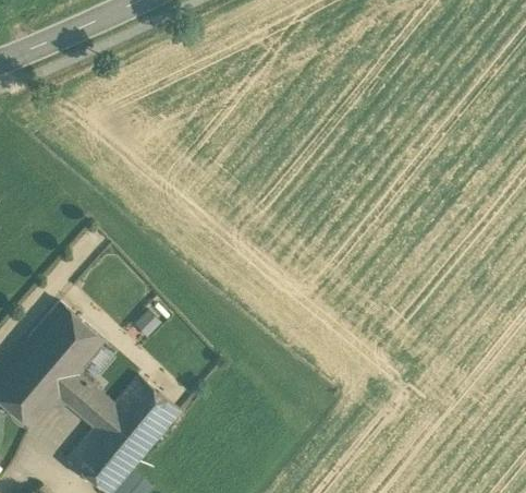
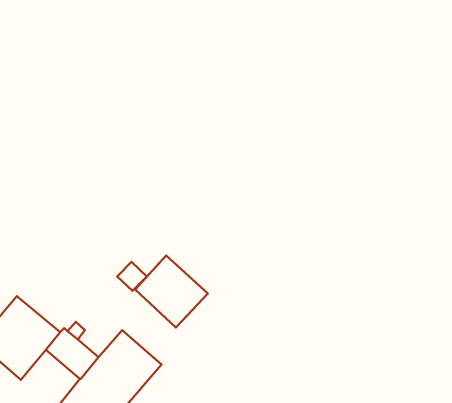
building: none -> [135,256,208,327]
building: [29,305,107,381] -> none

